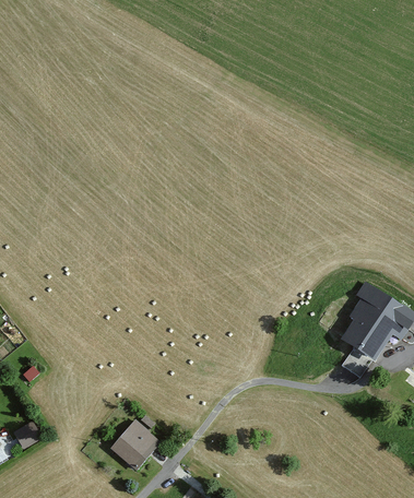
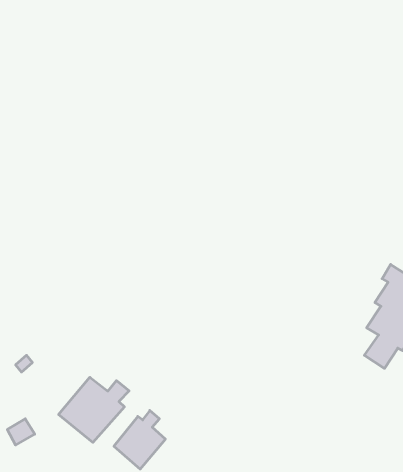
building: none -> [59,377,129,442]

